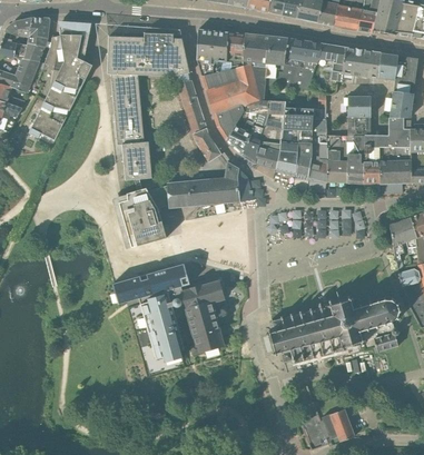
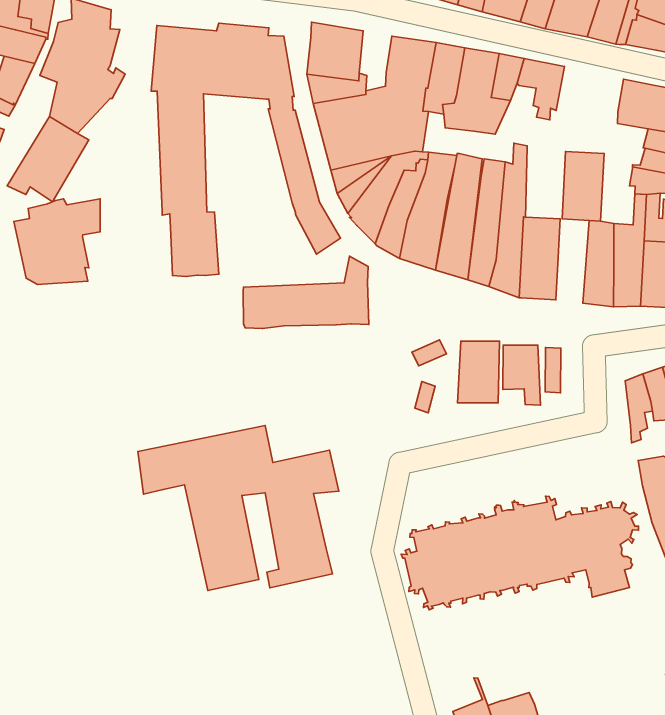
building: [227,32,245,67] -> none
building: [342,47,373,77] -> none
building: [347,135,364,182] -> none
building: [118,186,168,237] -> [14,199,100,284]

